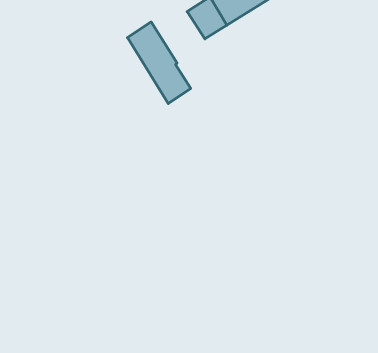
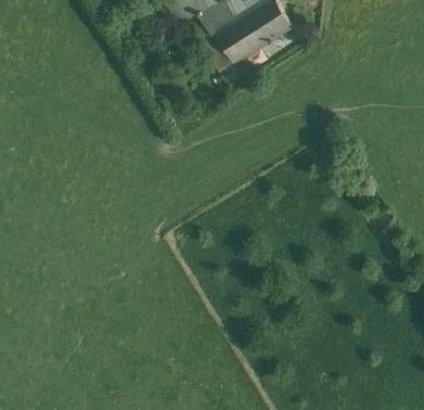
building: [127,22,191,104] -> none

